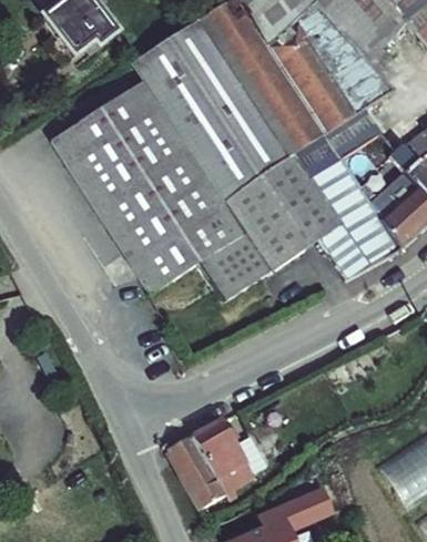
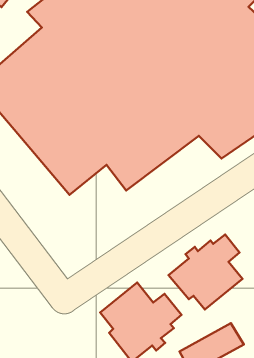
building: none -> [168,235,242,309]

